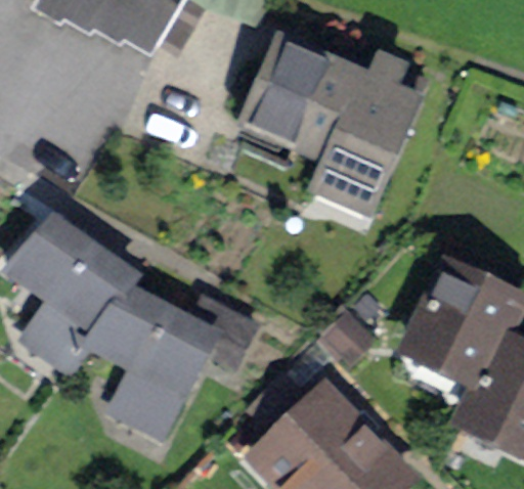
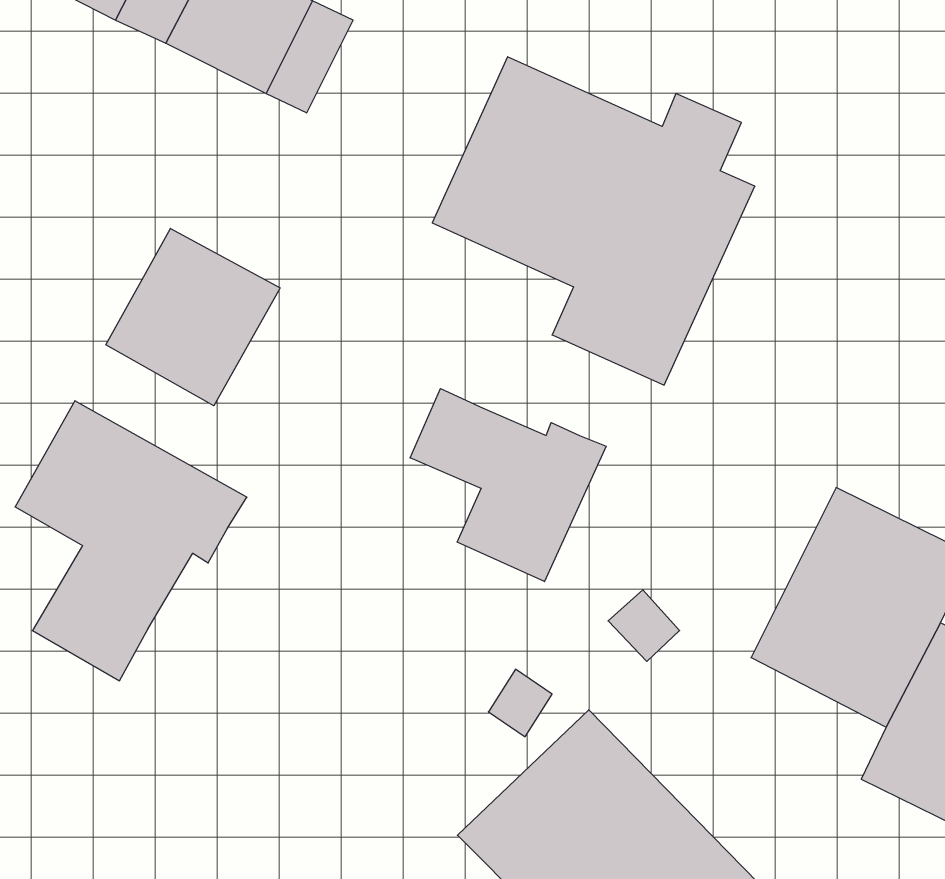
building: none -> [106,228,280,406]
building: none -> [410,389,606,582]
building: [87,285,247,432] -> none

